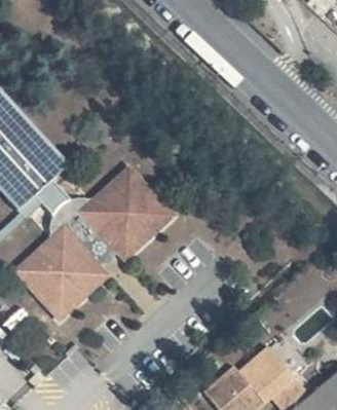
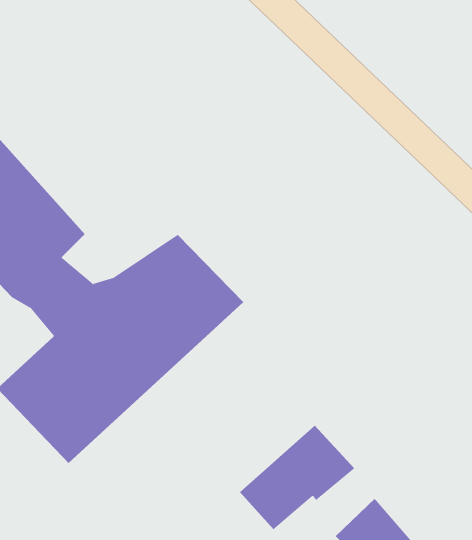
building: none -> [239,425,355,530]

